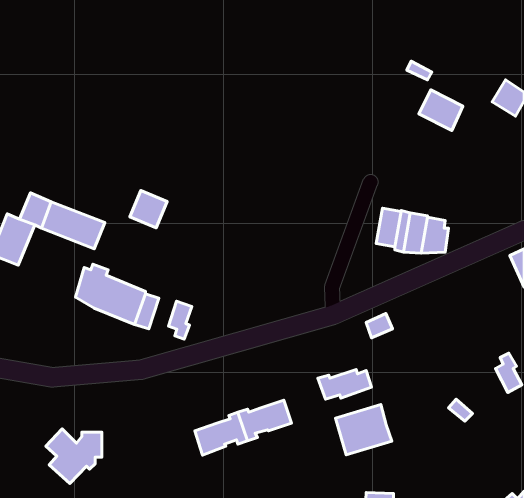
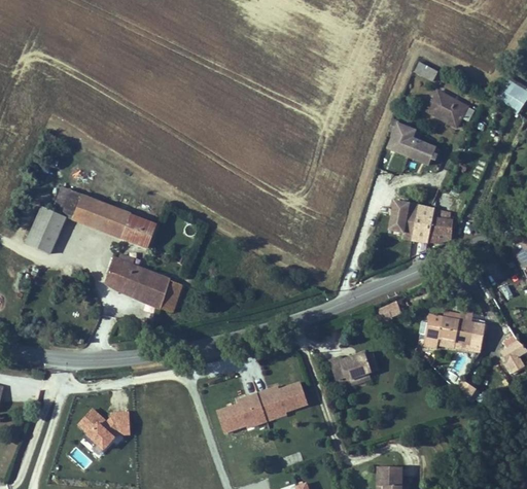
building: none -> [387,118,438,167]
building: [130,191,167,228] -> [122,214,157,249]
building: [169,301,192,339] -> none
building: none -> [424,313,478,346]
building: [335,404,392,455] -> none

